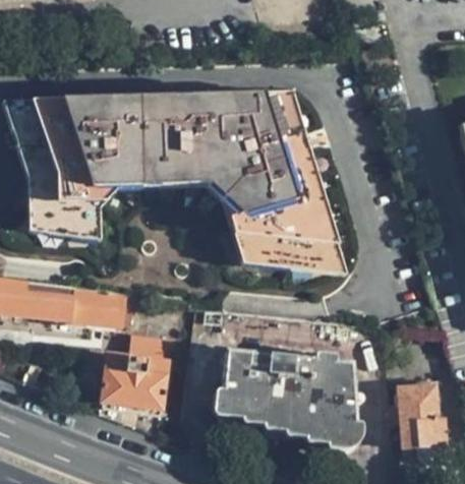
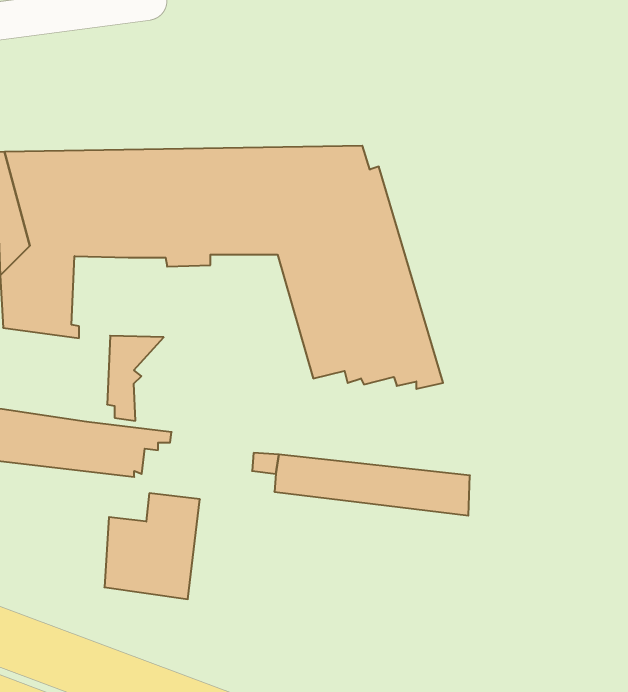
building: [79,177,118,235] -> [107,336,164,421]
building: [218,356,351,447] -> none
building: [397,386,444,464] -> none

